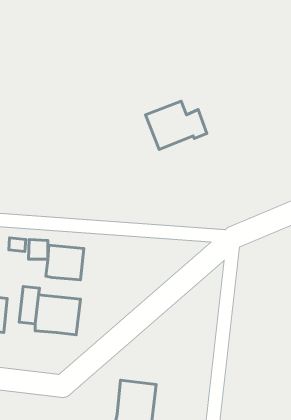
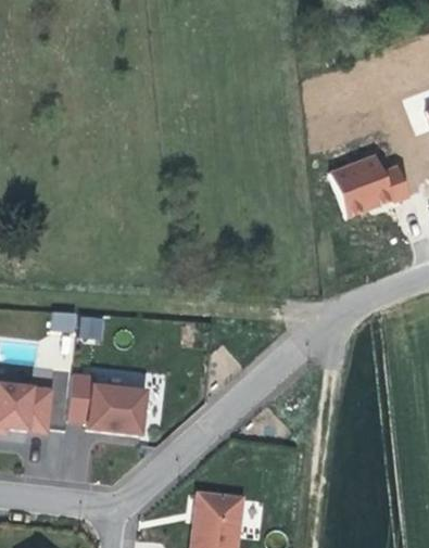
building: [145,101,207,150] -> [331,154,409,216]
building: [46,245,84,280] -> none

